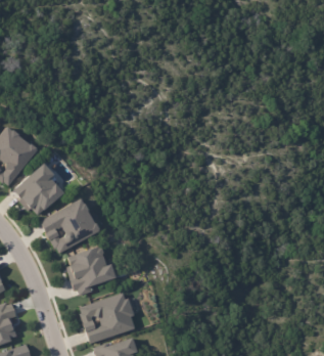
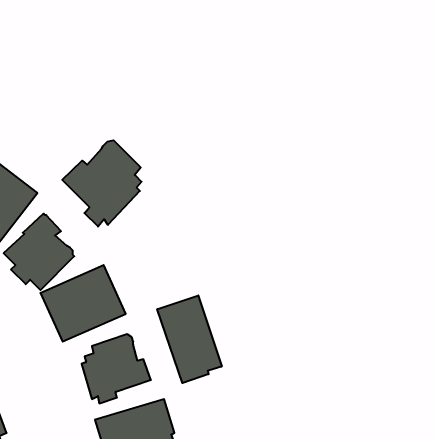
building: none -> [62,140,142,227]
building: none -> [157,295,222,383]

